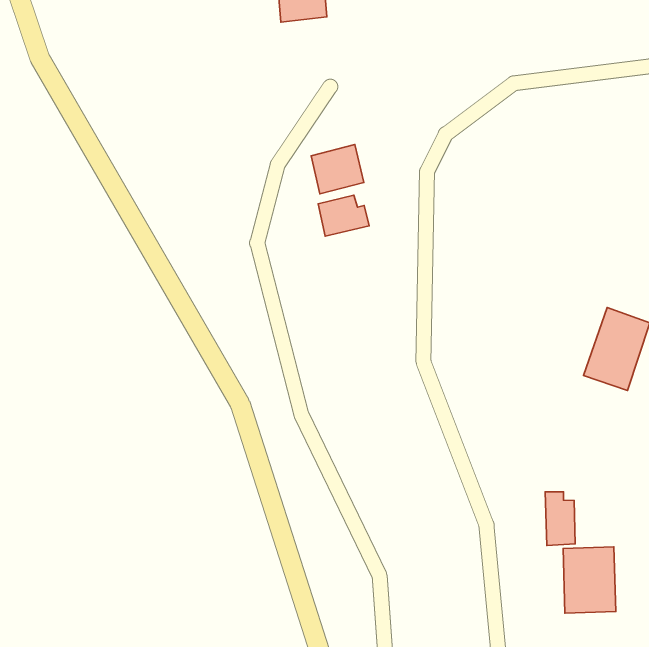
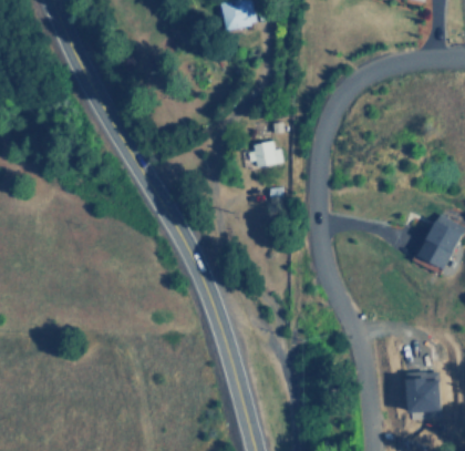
building: [311,145,364,194] -> none
building: [545,492,575,545] -> none

